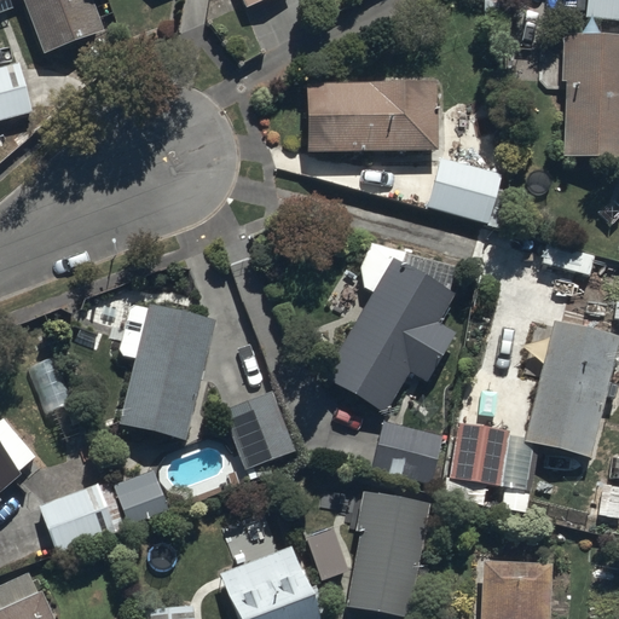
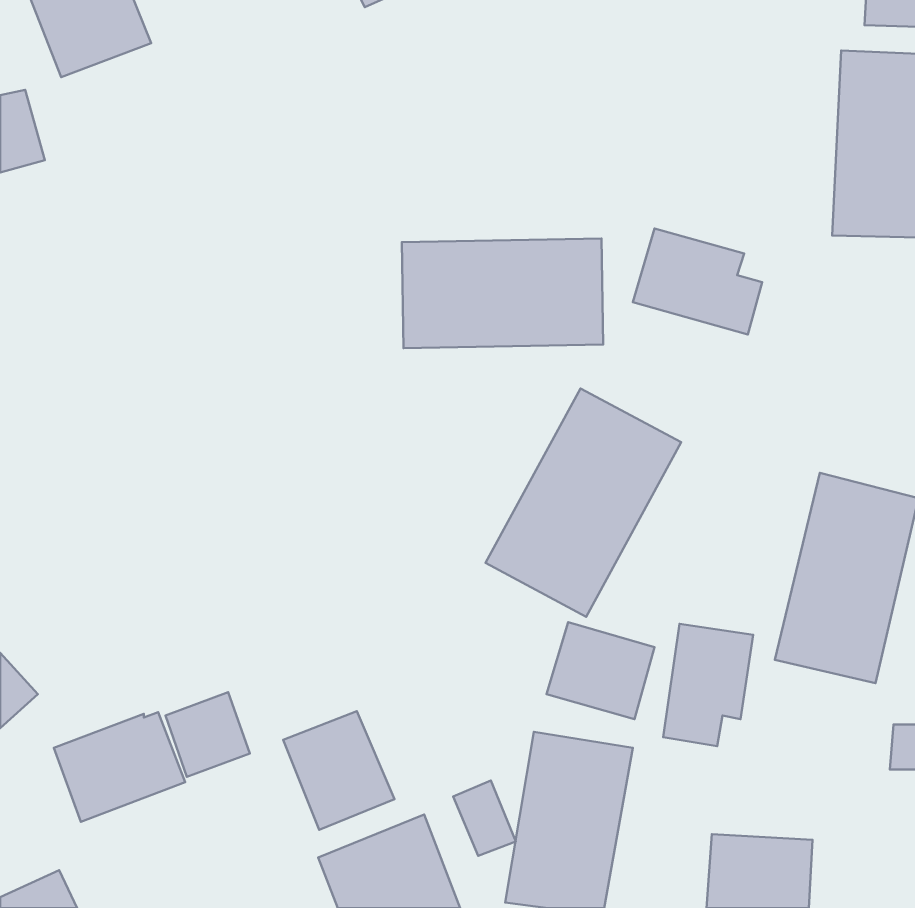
building: [305,80,440,154] -> [402,239,603,348]
building: [118,301,215,438] -> none
building: [222,388,297,468] -> [283,711,395,830]

